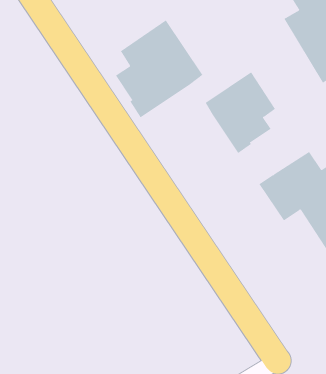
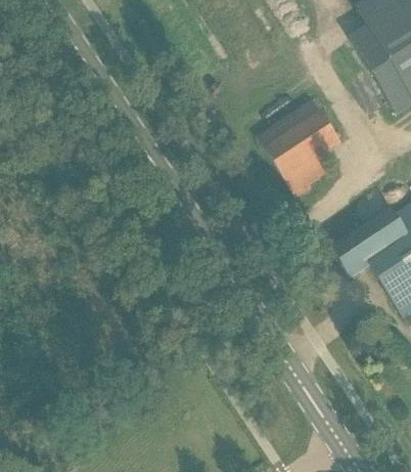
building: [115,20,203,118] -> none

